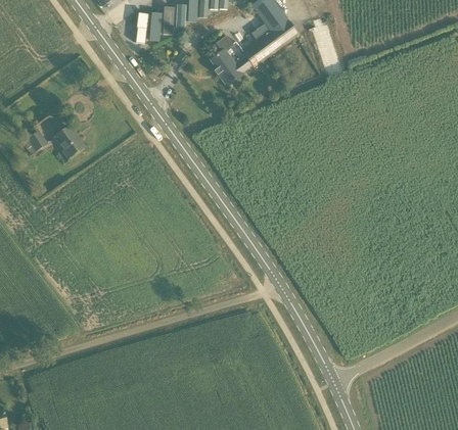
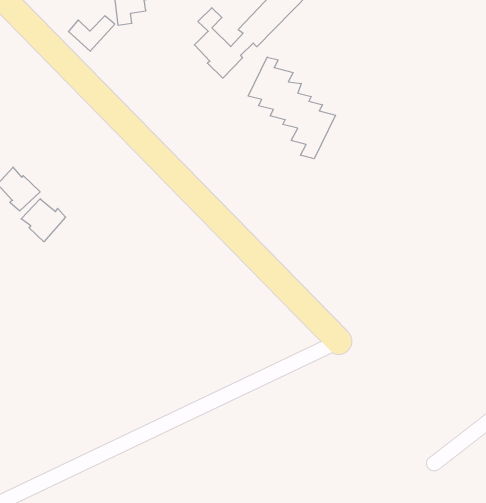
building: none -> [248,57,336,159]
building: none -> [21,199,66,242]

